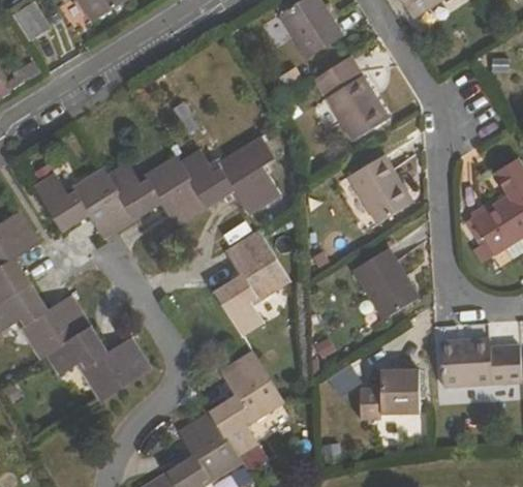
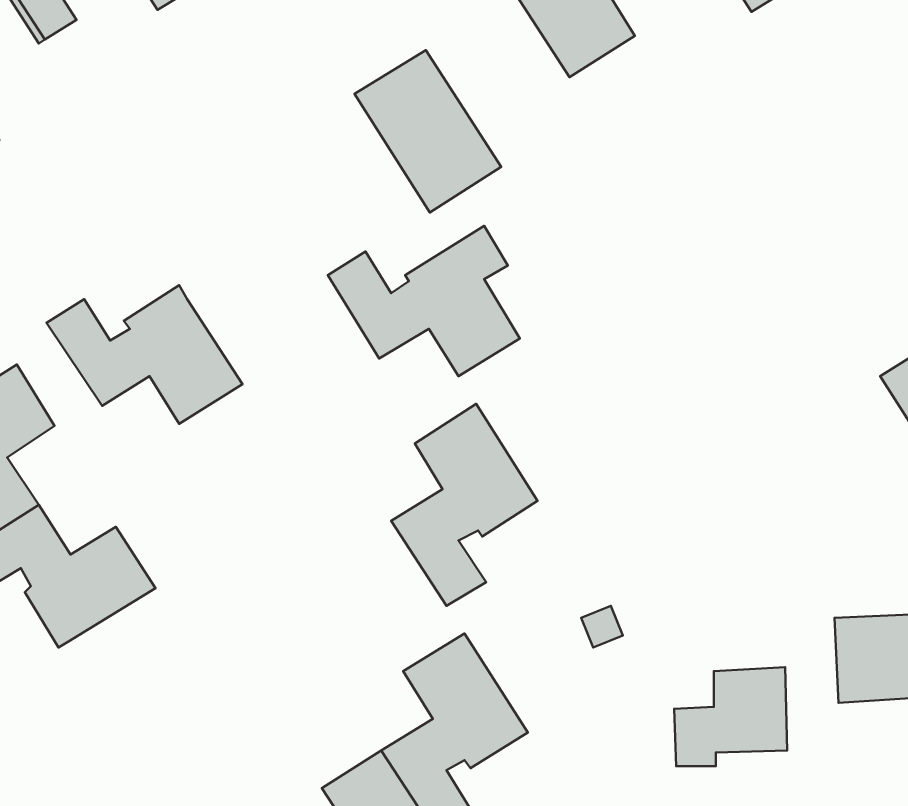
building: [314,57,391,142] -> [355,50,501,212]
building: [347,155,413,223] -> none
building: [107,156,208,225] -> none
building: [353,249,420,319] -> none
building: [45,326,151,400] -> none

